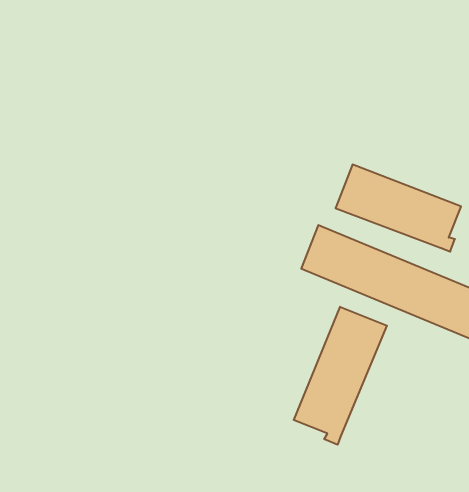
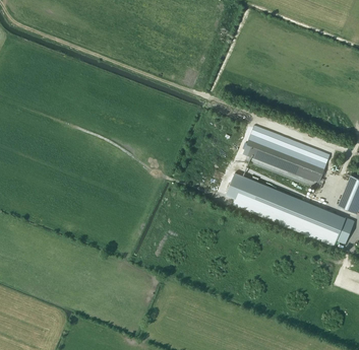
building: [294,307,387,445] -> none

